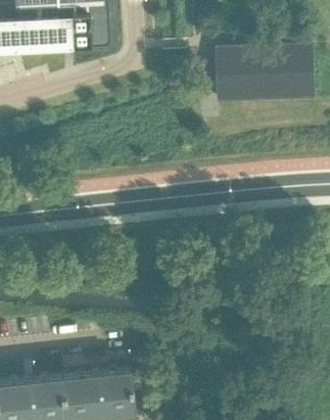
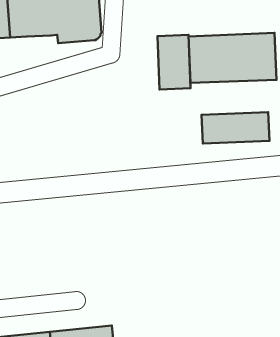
building: none -> [157,35,191,90]
building: none -> [201,112,270,144]

